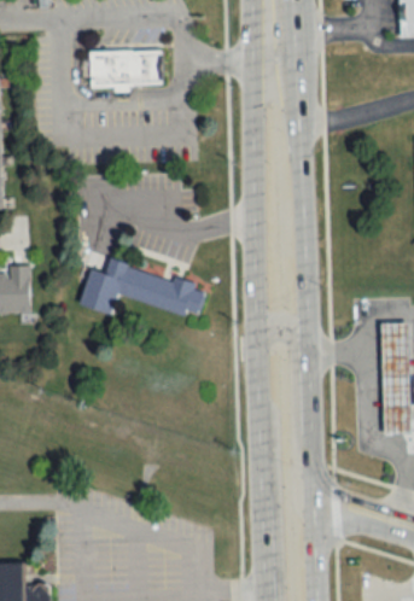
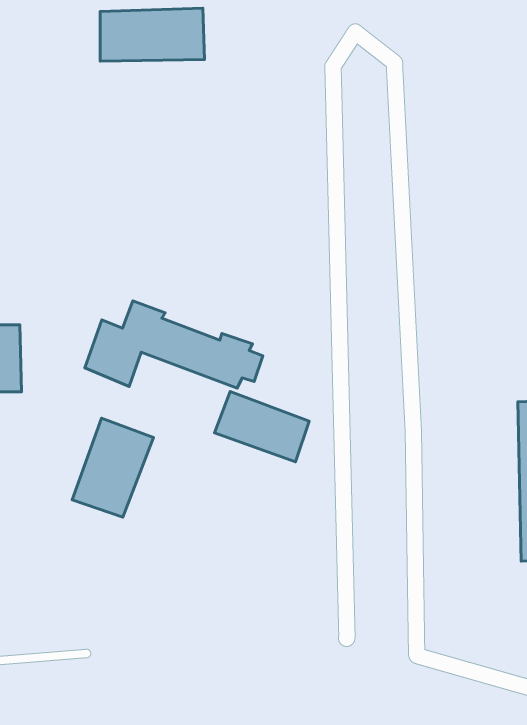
building: none -> [214,391,309,462]
building: none -> [72,418,153,517]

